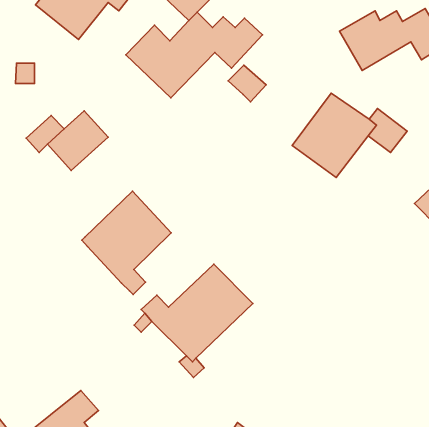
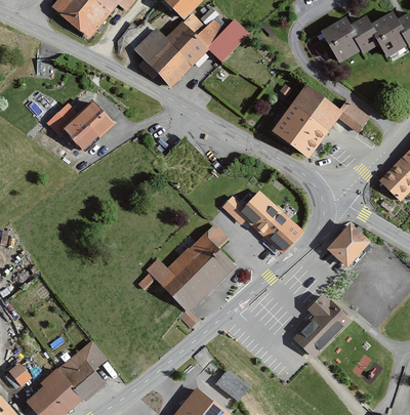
building: [228,65,266,102] -> none
building: [82,191,171,295] -> none
building: none -> [232,186,306,254]
building: none -> [327,221,372,267]
building: none -> [291,292,351,355]

